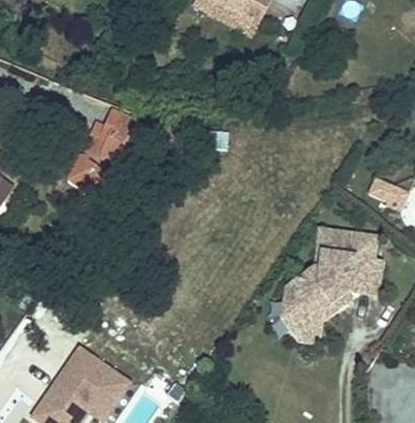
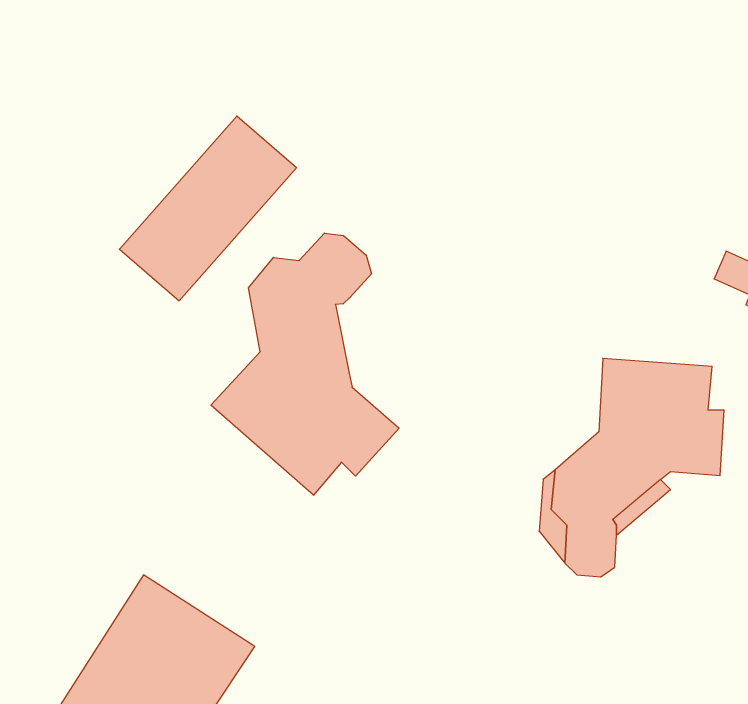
building: none -> [211,233,399,495]

